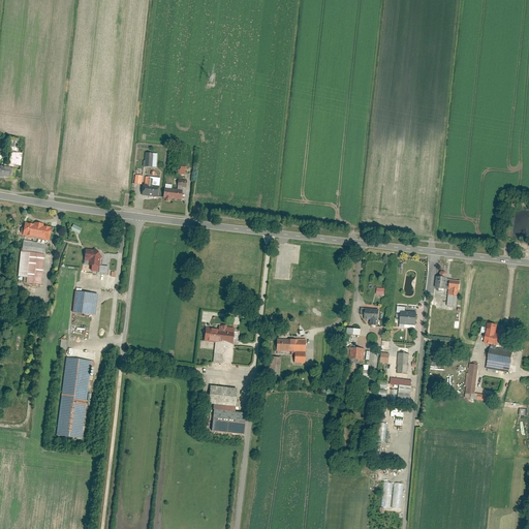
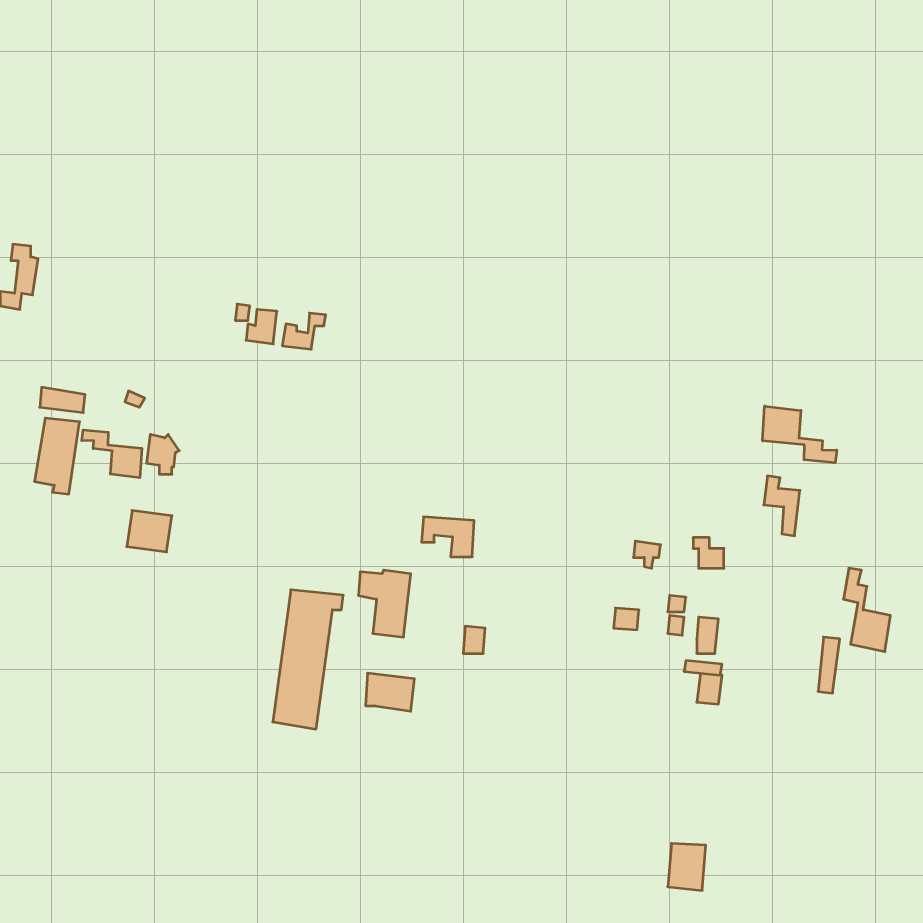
building: none -> [763,406,837,463]
building: none -> [82,430,142,478]
building: [275,339,305,362] -> [422,517,474,557]
building: [55,359,95,438] -> [273,590,343,729]
building: [213,403,248,434] -> none

